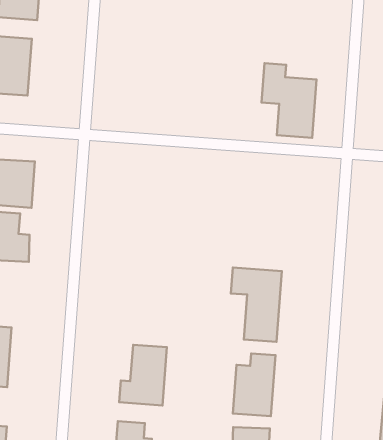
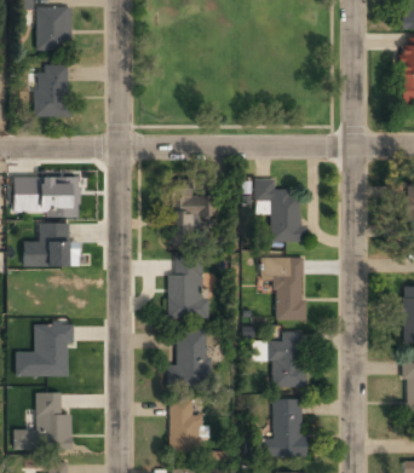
building: [262,63,317,138] -> [255,179,303,242]
building: none -> [172,190,217,237]
building: none -> [168,263,206,318]

